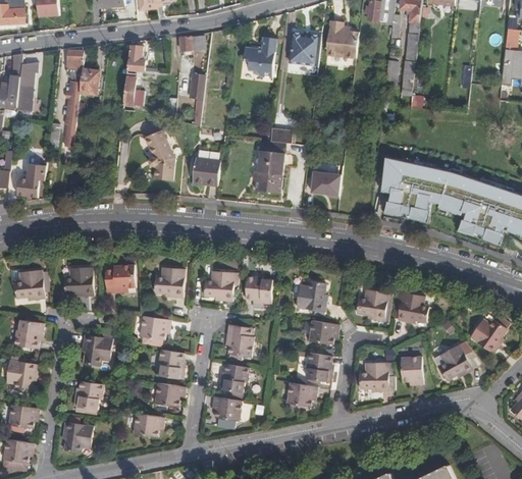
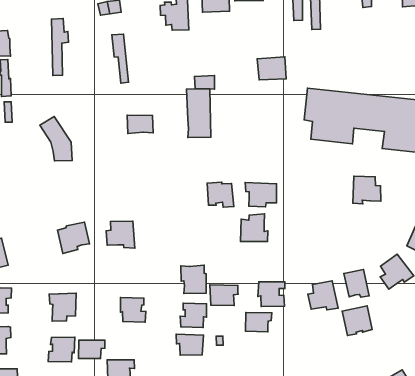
building: [79,68,98,93] -> none
building: [144,130,174,179] -> [40,116,72,161]
building: [311,170,342,196] -> [257,57,286,80]
building: none -> [245,182,276,207]
building: [65,268,95,297] -> none
building: [203,269,233,300] -> none
building: [245,275,272,304] -> [207,182,234,207]
building: [355,289,387,322] -> none
building: [396,292,427,323] -> [353,176,381,204]
building: [141,316,172,339] -> none
building: [308,320,340,345] -> [210,285,238,306]
building: [155,382,186,405] -> [78,340,105,359]
building: none -> [342,306,372,336]

